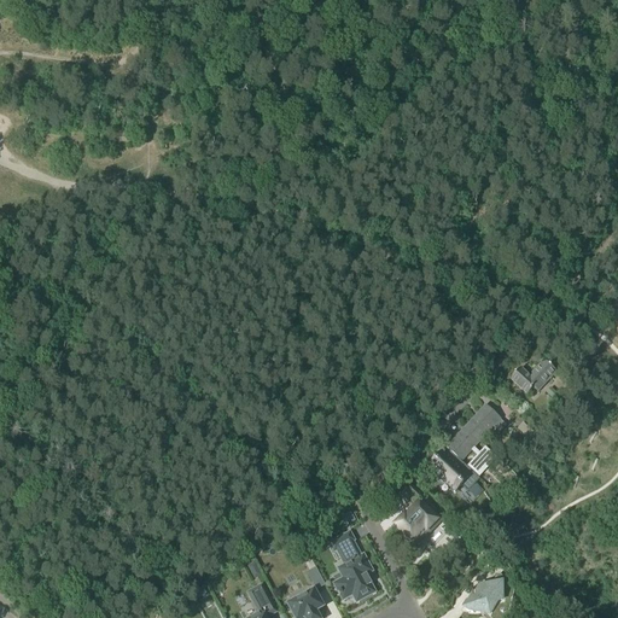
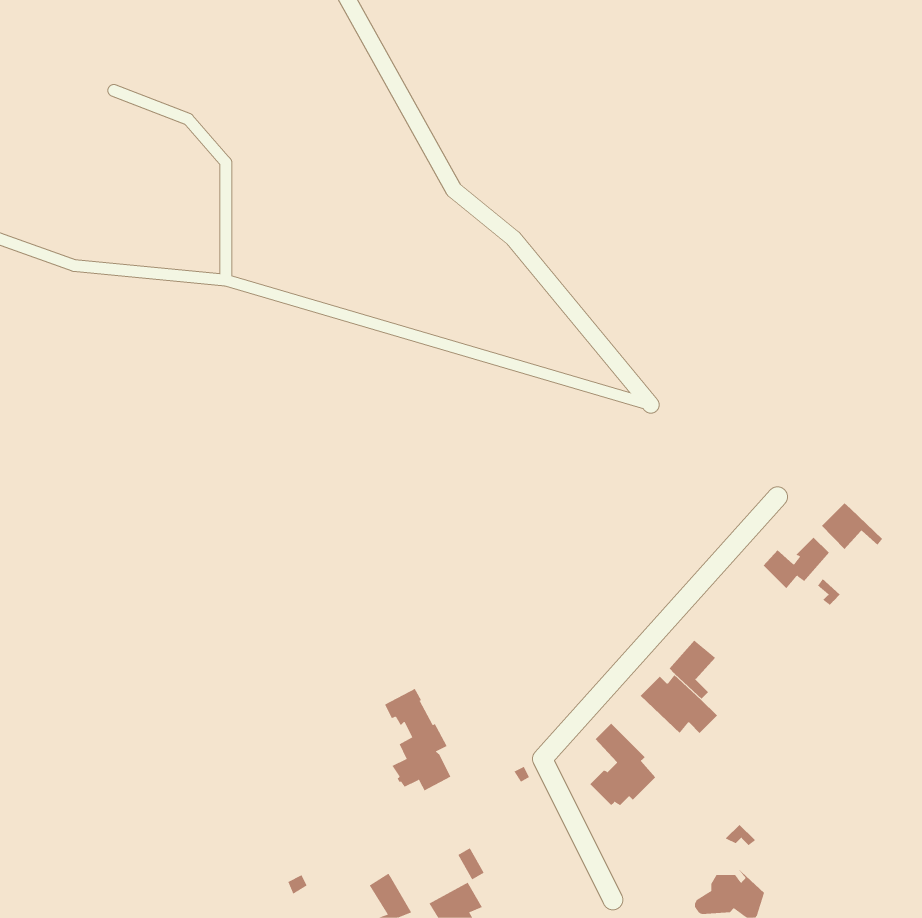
building: none -> [821,502,883,550]
building: [464,404,505,439] -> none
building: [328,531,373,600] -> [384,688,451,791]

